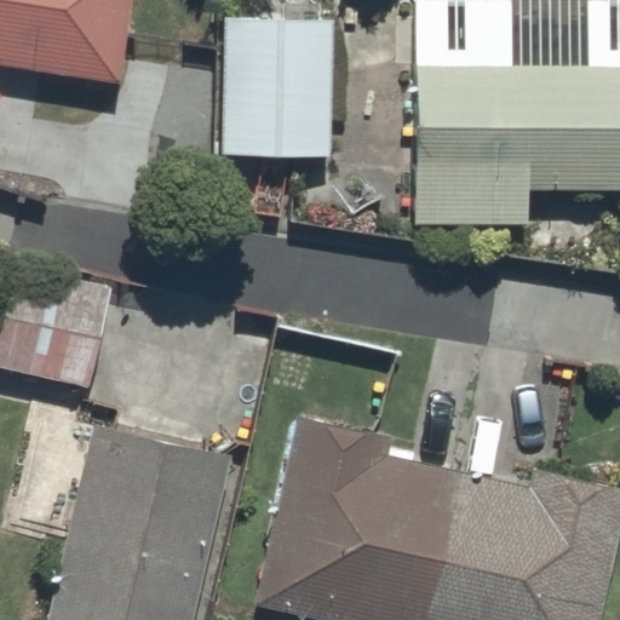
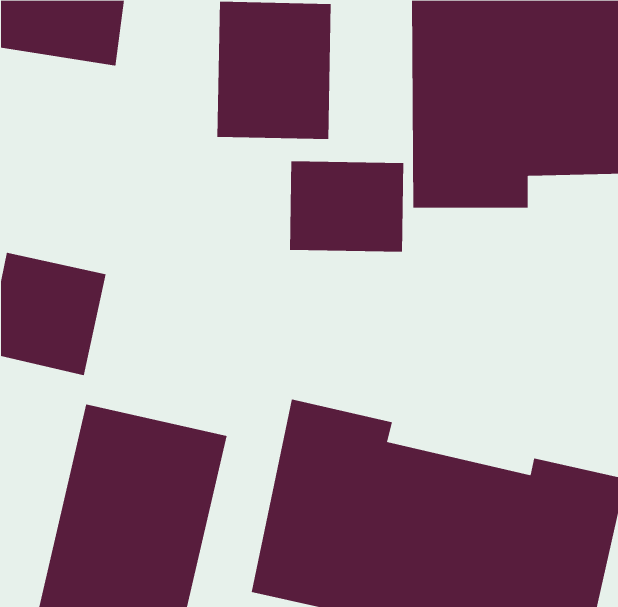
building: none -> [290,161,404,253]

